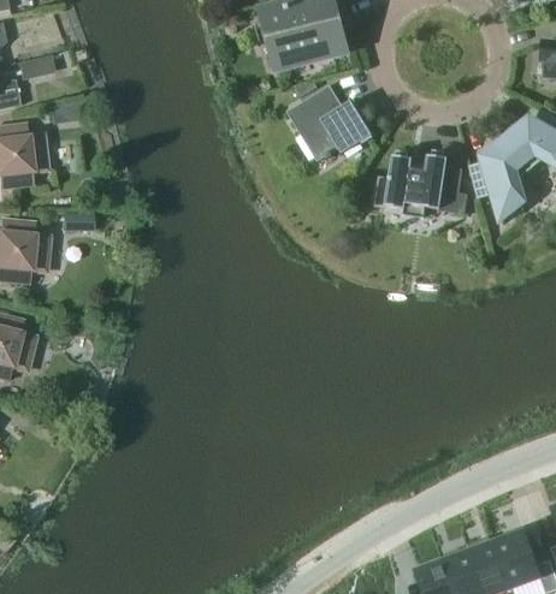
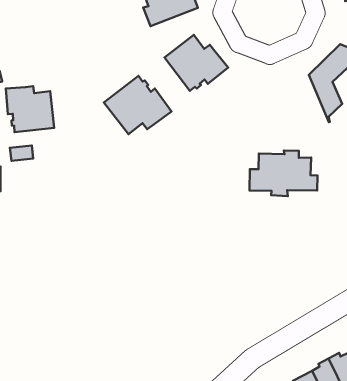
building: none -> [6,86,54,132]
building: none -> [104,76,172,134]
building: [374,154,469,216] -> [249,151,317,196]

